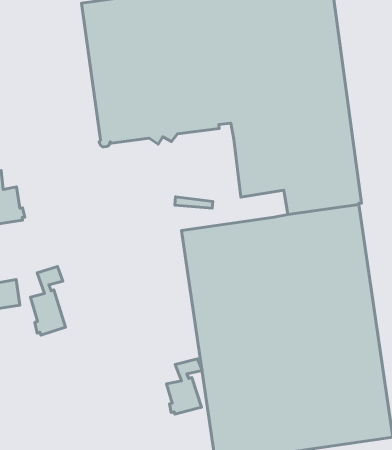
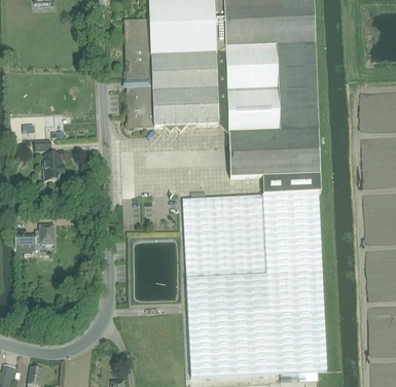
building: [31,266,65,335] -> none
building: [166,359,202,414] -> none

